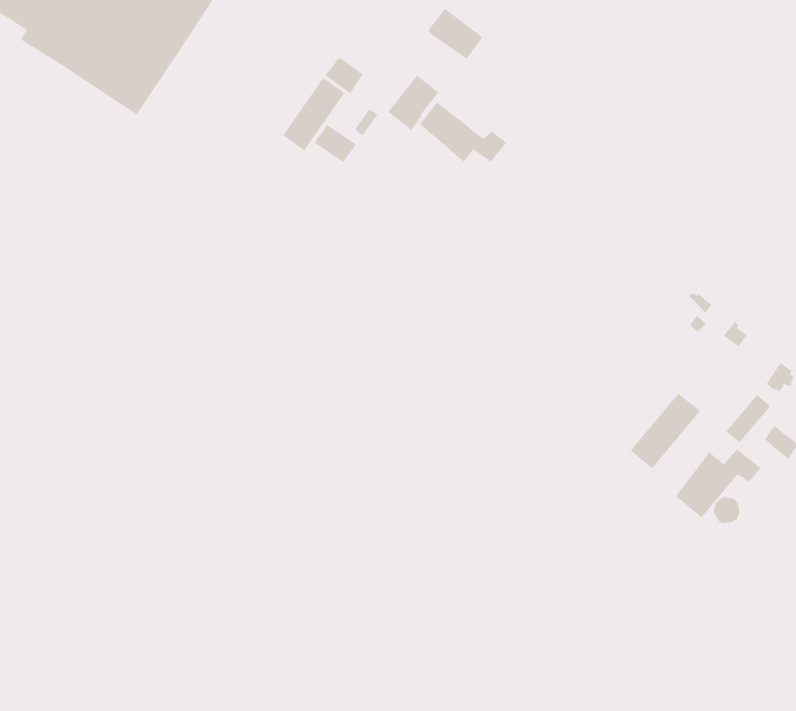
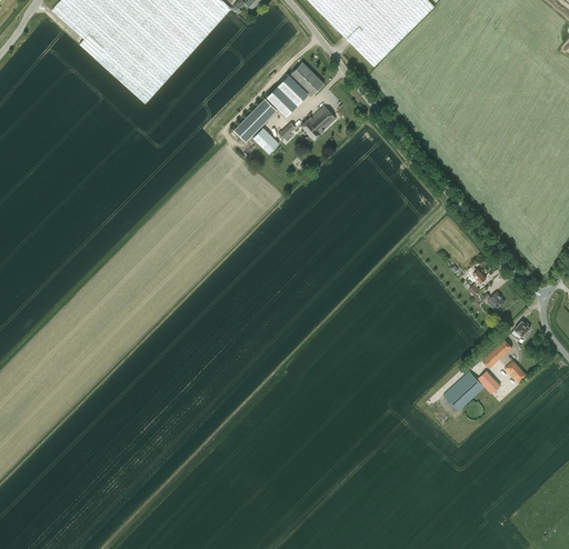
building: [427,8,483,60] -> [289,61,323,96]
building: [419,102,507,162] -> none
building: [630,393,701,469] -> none

